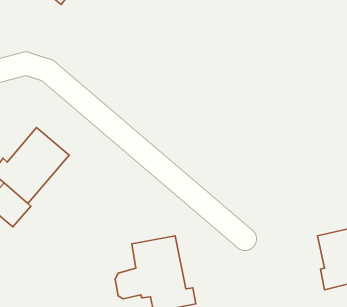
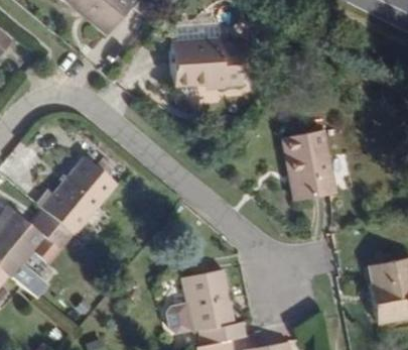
building: none -> [167,39,240,82]
building: none -> [286,128,339,198]

